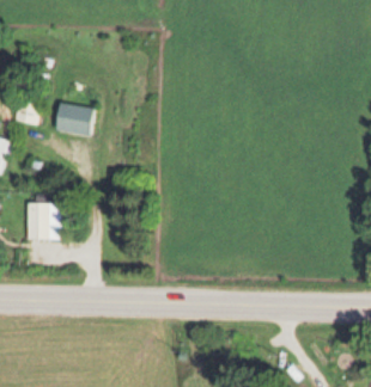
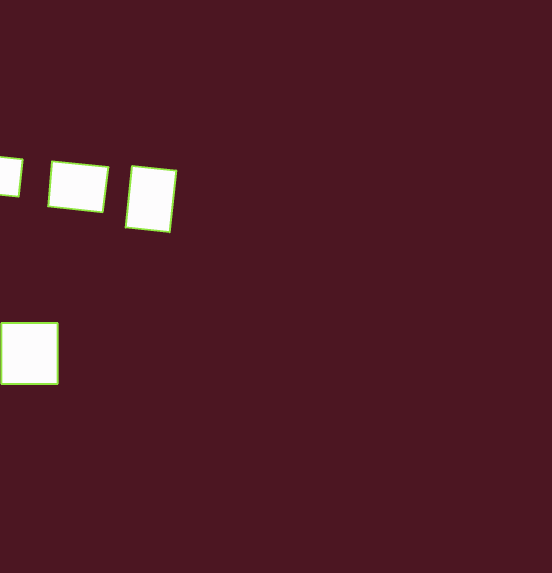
building: none -> [126,166,176,232]

